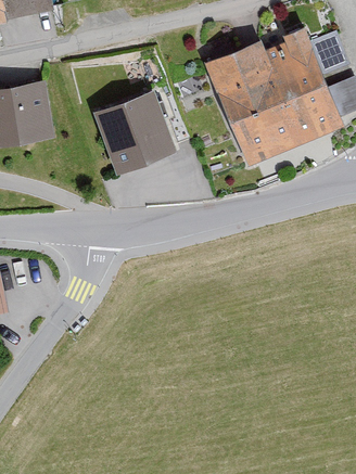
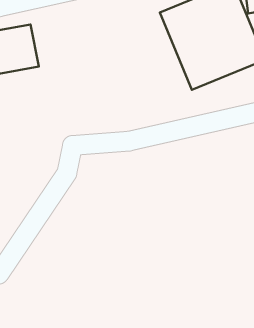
building: [93,90,177,175] -> none

